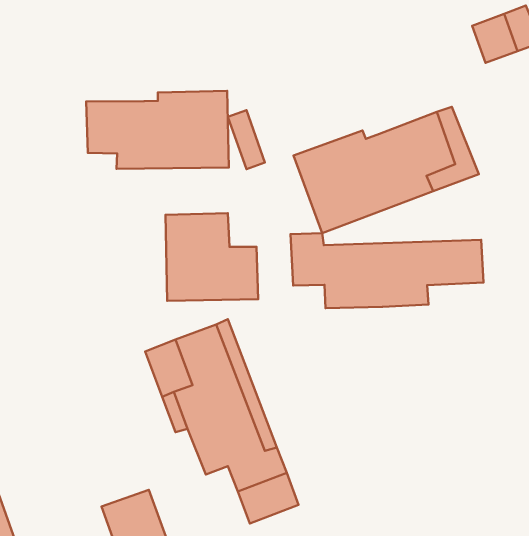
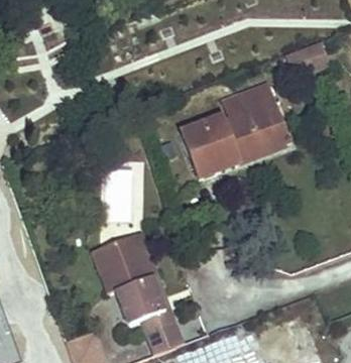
building: none -> [225,81,275,116]
building: [86,91,229,169] -> none
building: [291,233,483,308] -> none

